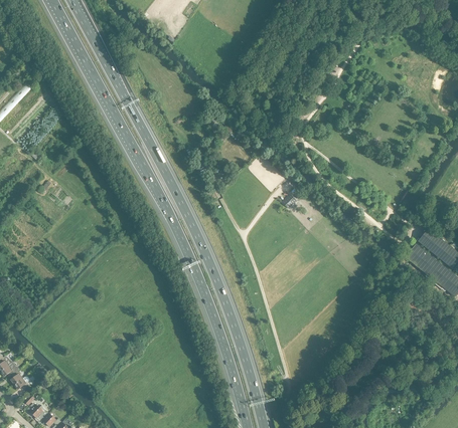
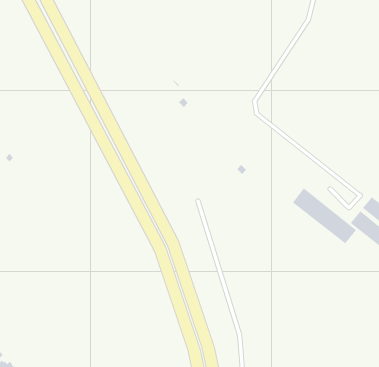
building: none -> [292,187,357,244]

